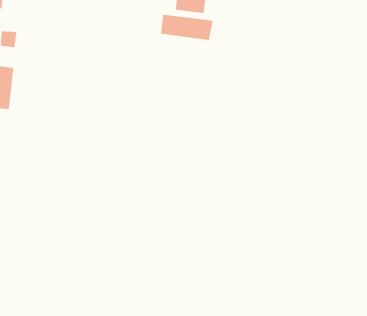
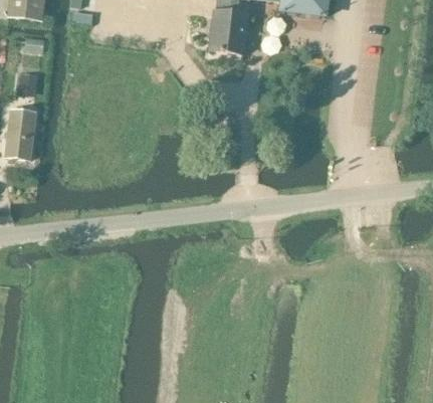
building: [160,14,213,41] -> none

